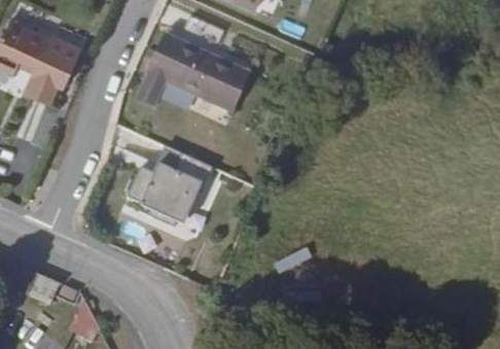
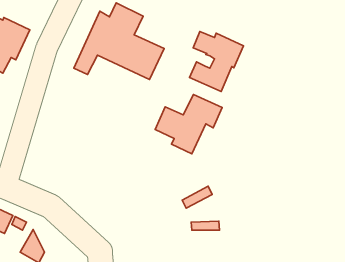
building: none -> [190,31,244,92]
building: [133,153,217,229] -> [155,94,222,154]

